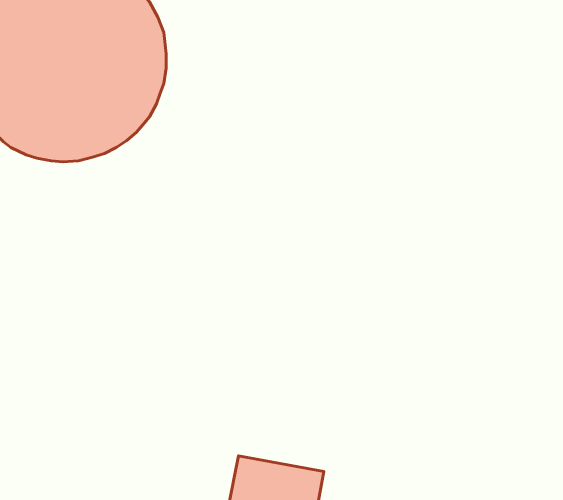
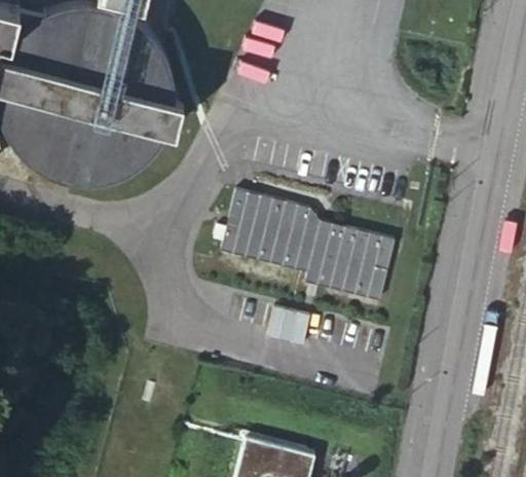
building: none -> [221,189,396,300]

